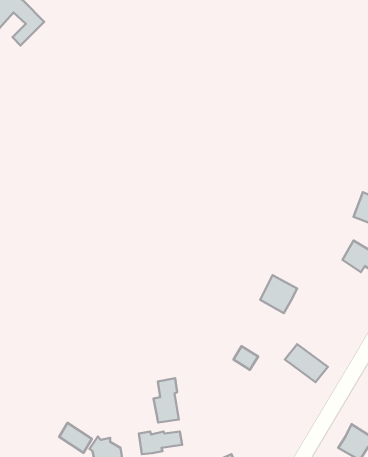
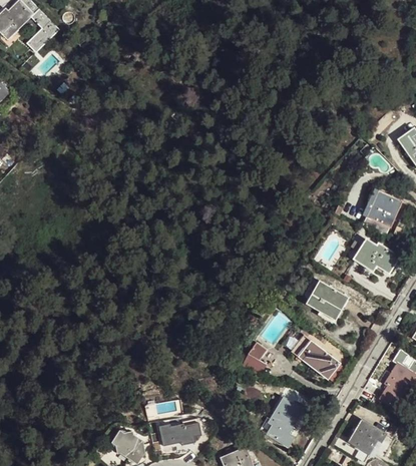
building: [260,275,297,313] -> [309,284,345,321]
building: [153,378,179,423] -> none
building: none -> [267,397,308,446]
building: [59,423,92,453] -> none

